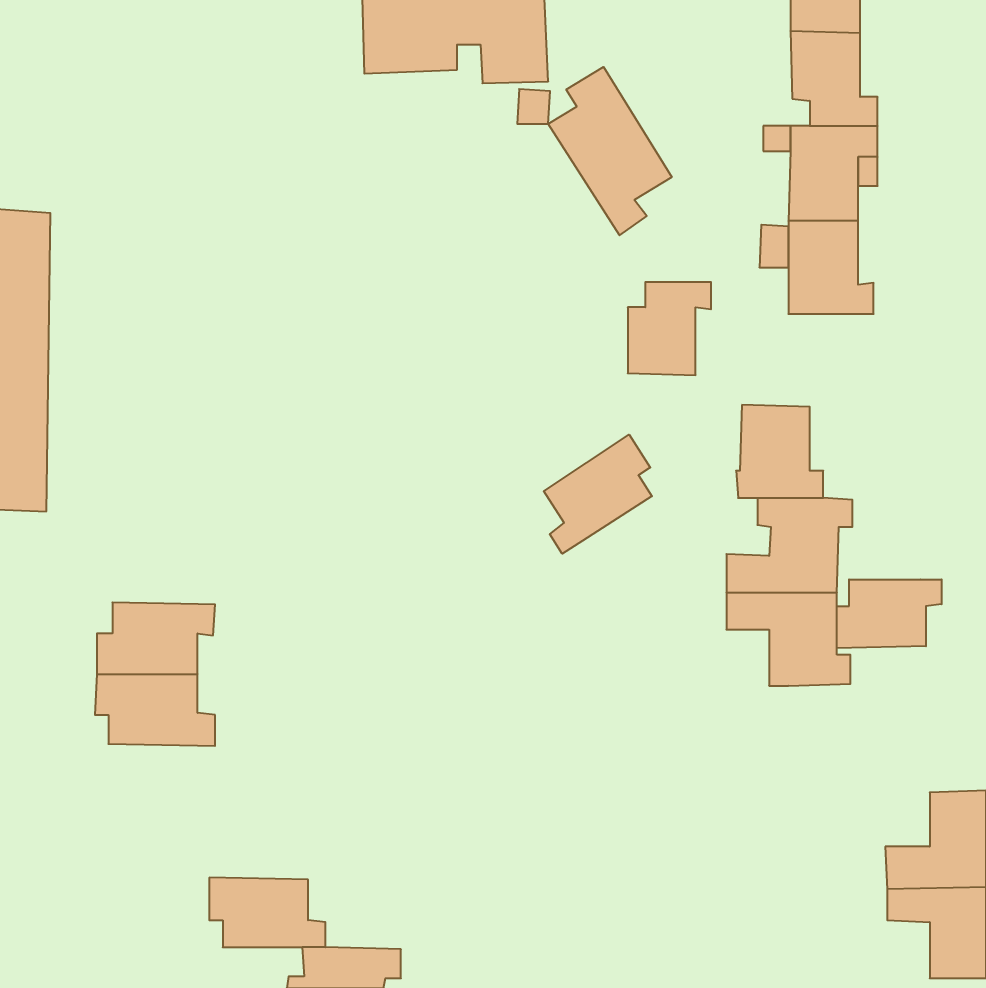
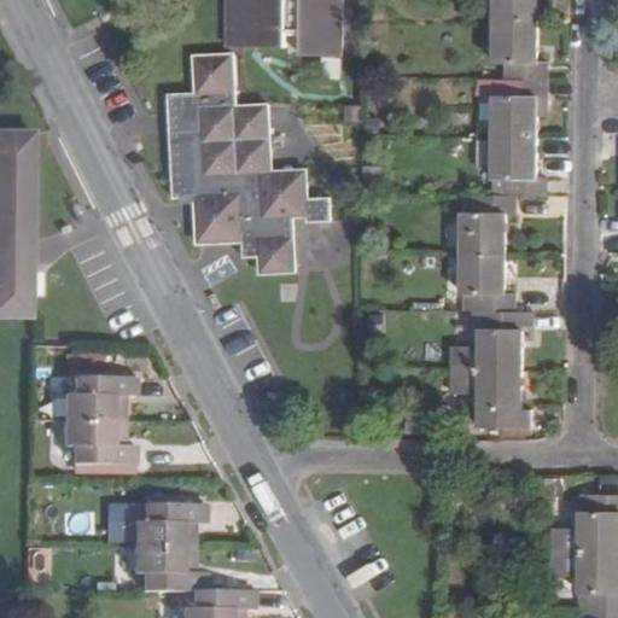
building: [548,67,672,235] -> none
building: none -> [165,53,330,273]
building: [628,282,711,375] -> [462,196,514,253]
building: [544,435,652,554] -> none
building: [837,579,942,648] -> none
building: none -> [130,503,204,548]

